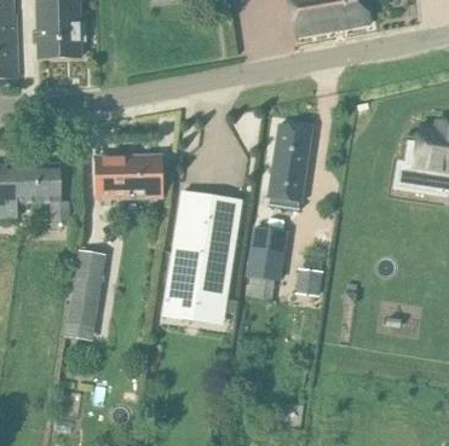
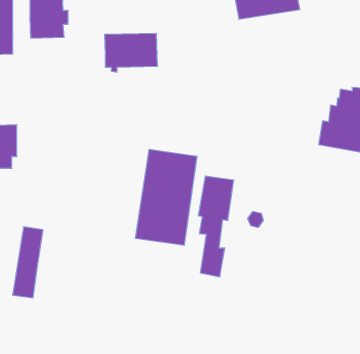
building: [267,124,310,208] -> none
building: [94,156,160,203] -> [104,34,158,72]
building: [22,163,68,225] -> none
building: [67,253,104,340] -> [13,227,43,298]

